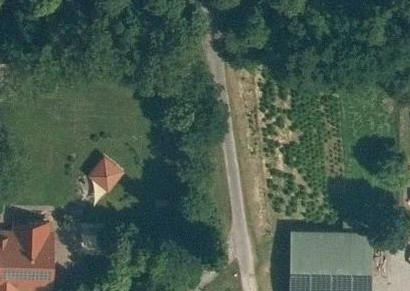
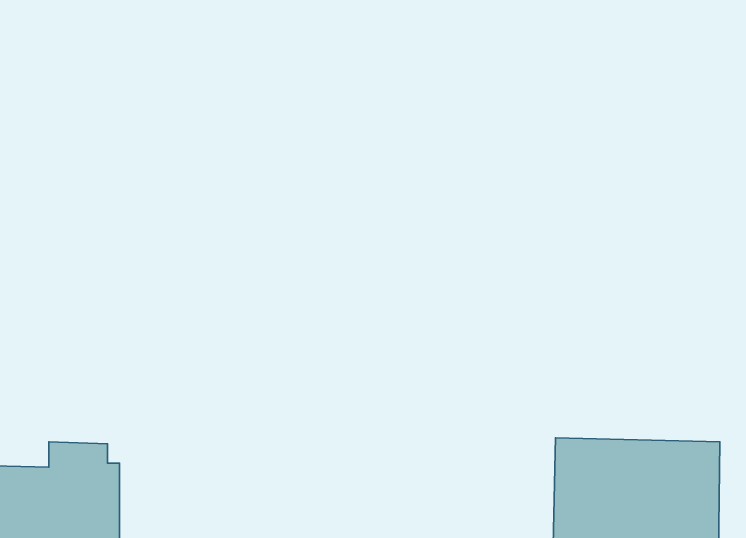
building: [84,154,123,192] -> none

